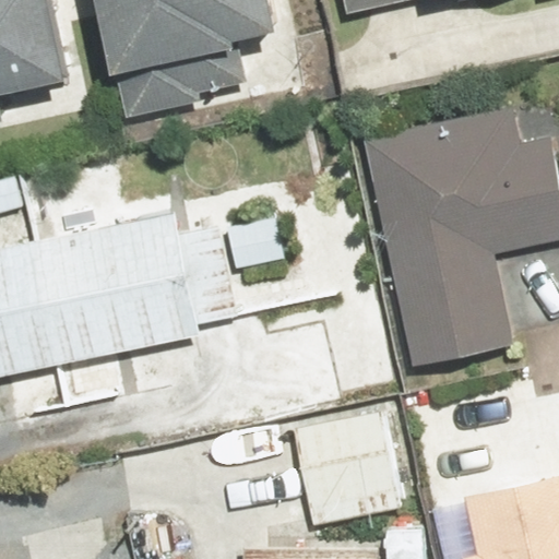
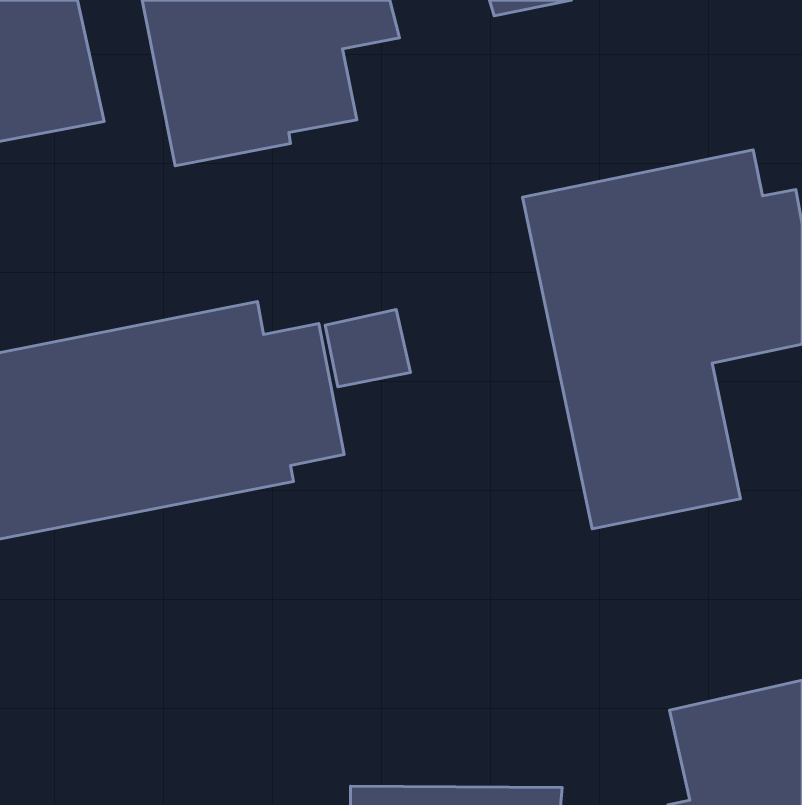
building: [292,405,407,526] -> none

